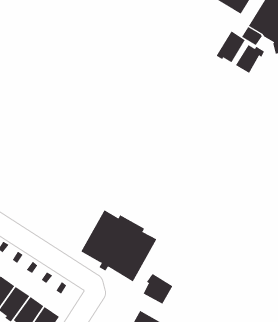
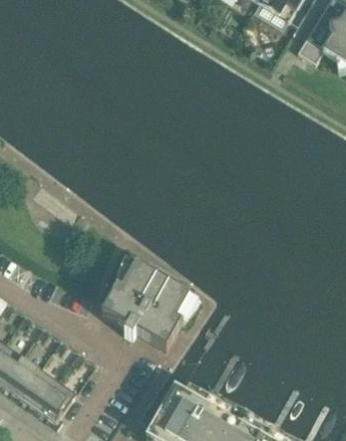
building: [216,30,246,63] -> none
building: [235,44,265,74] -> none
building: [143,273,173,305] -> none

